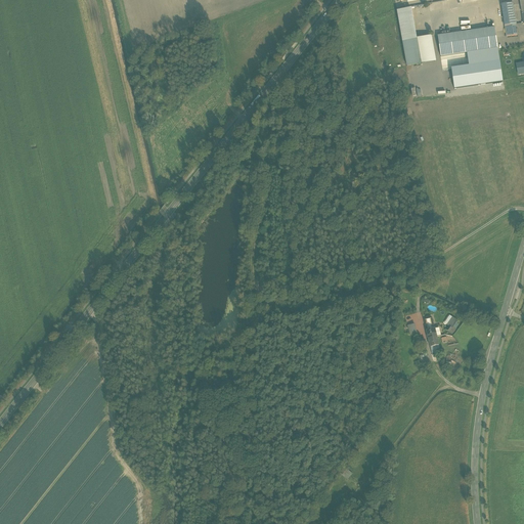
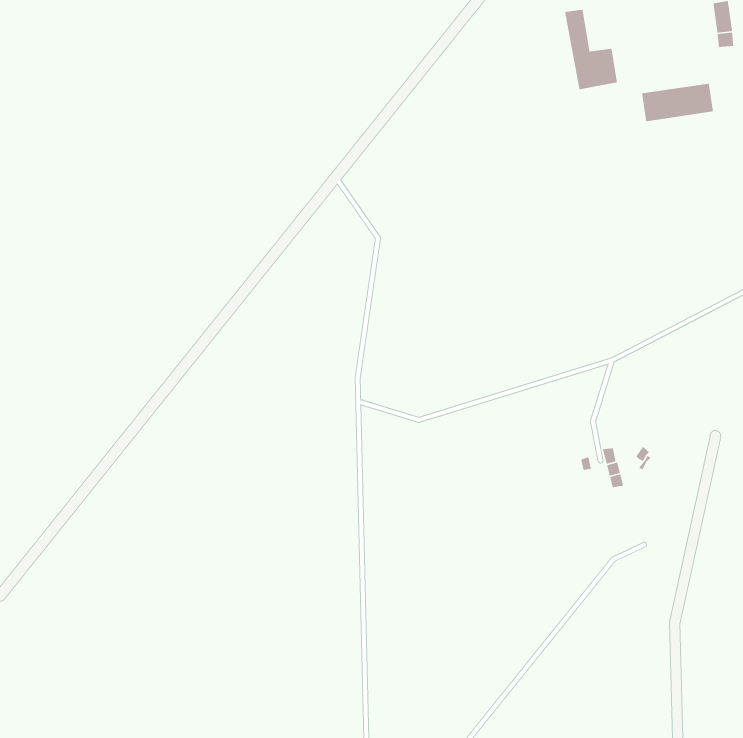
building: [437,25,497,54] -> none

